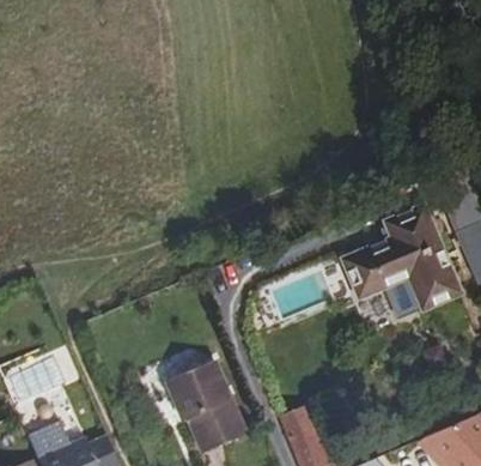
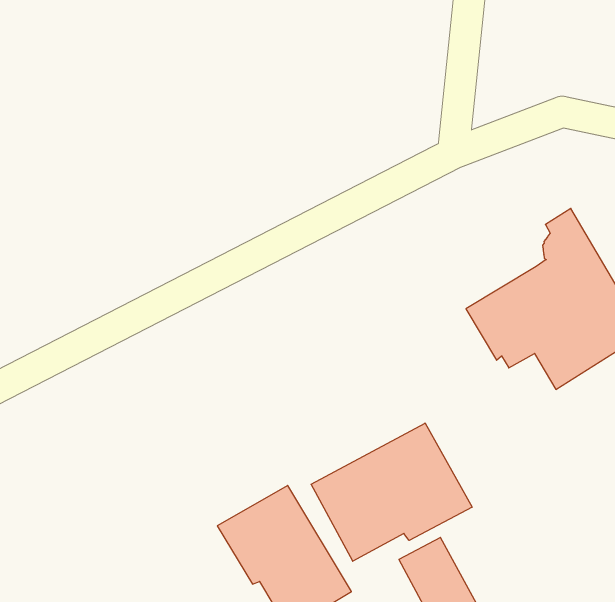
building: none -> [311,423,472,561]

